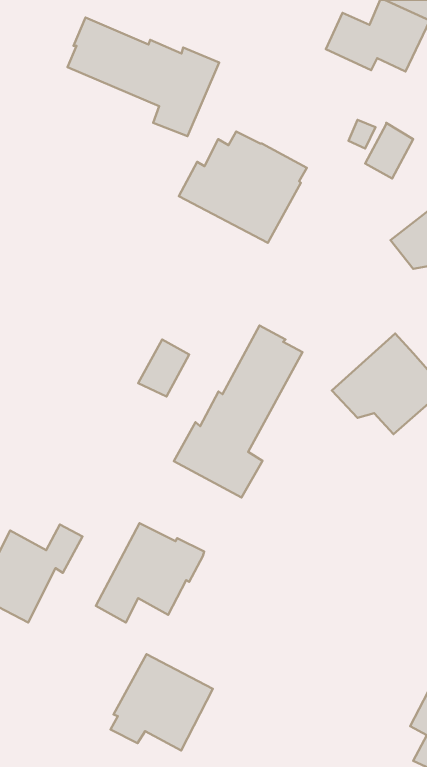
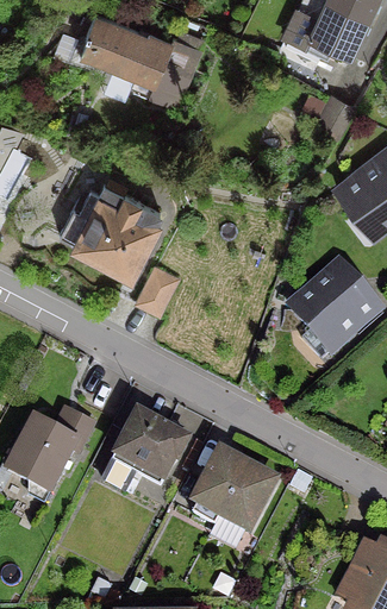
building: [179,132,307,243] -> [58,184,160,272]
building: [174,325,302,498] -> none
building: [110,654,213,751] -> [192,454,273,530]

